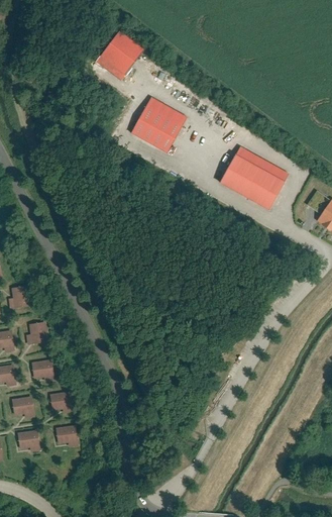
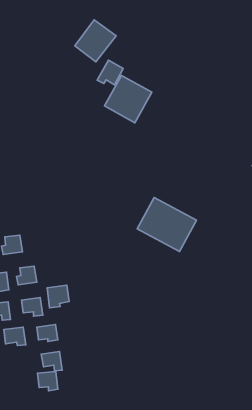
building: none -> [97,60,123,85]
building: [219,144,290,209] -> [137,198,196,252]
building: none -> [47,285,69,308]
building: [18,431,42,454] -> [37,372,58,391]

